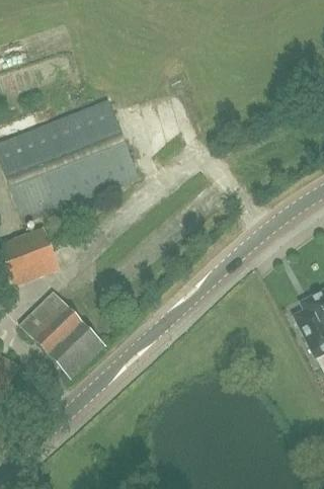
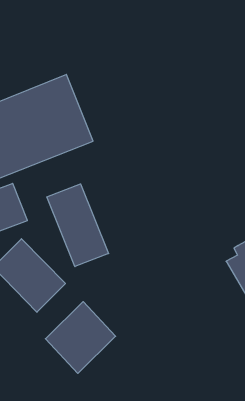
building: none -> [47,184,109,267]
building: none -> [45,302,116,373]

